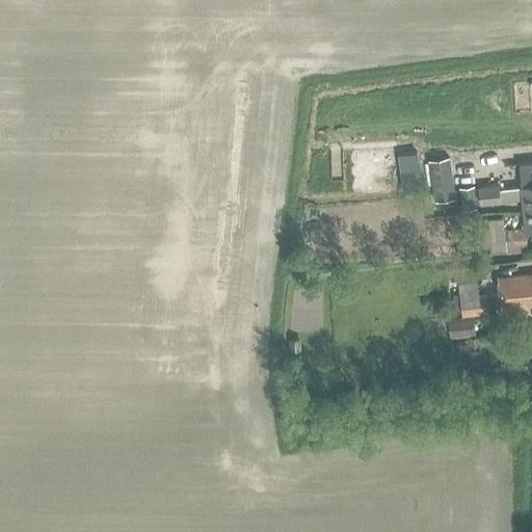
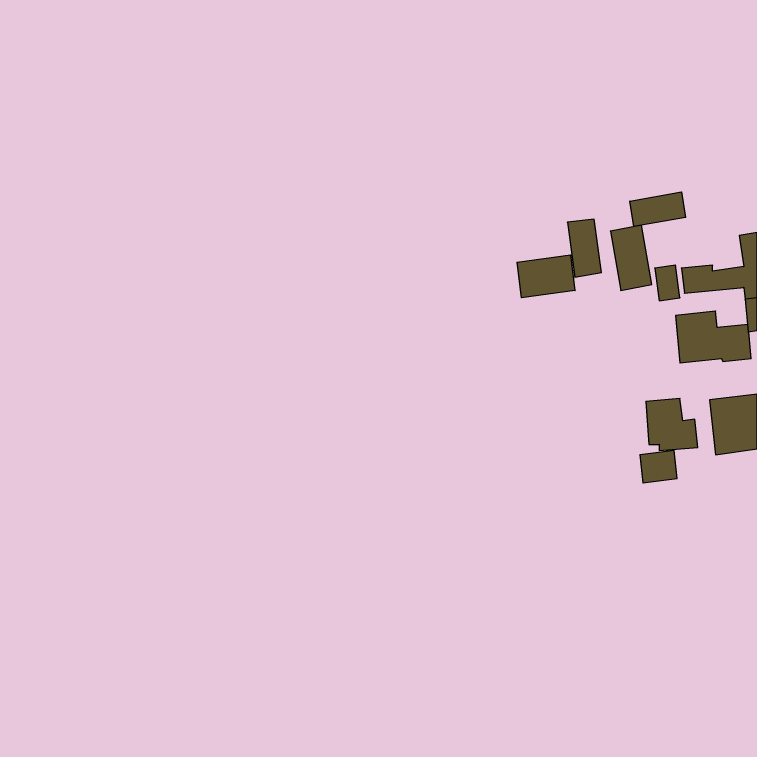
building: none -> [630,192,686,226]
building: none -> [517,255,575,298]

